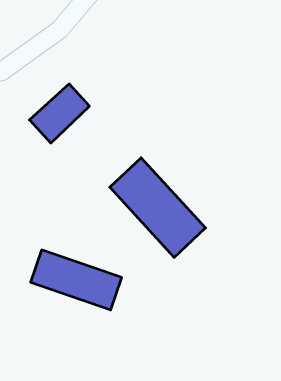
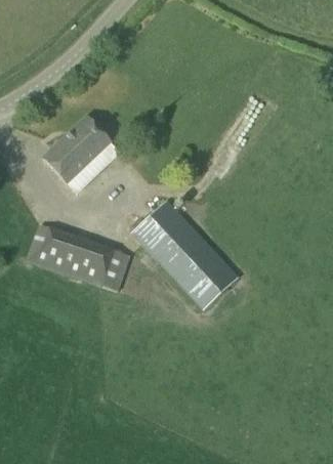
building: [31,250,122,310] -> [29,225,130,292]

